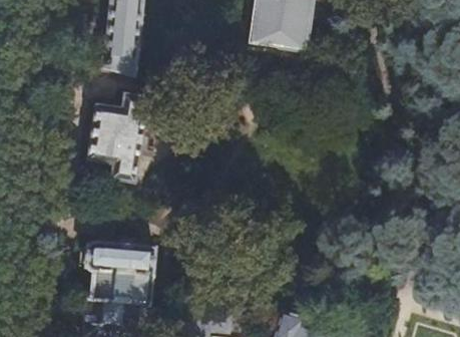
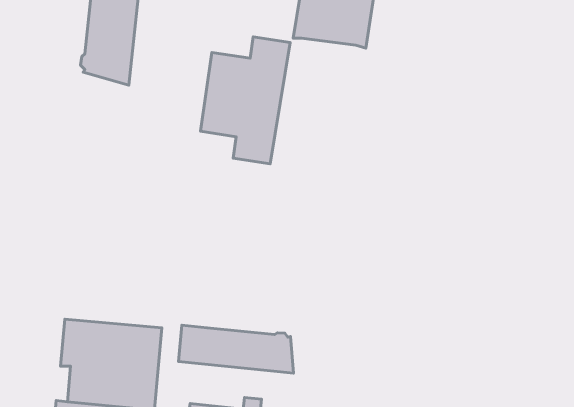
building: [86,93,149,183] -> [200,37,290,164]
building: none -> [178,325,293,373]

